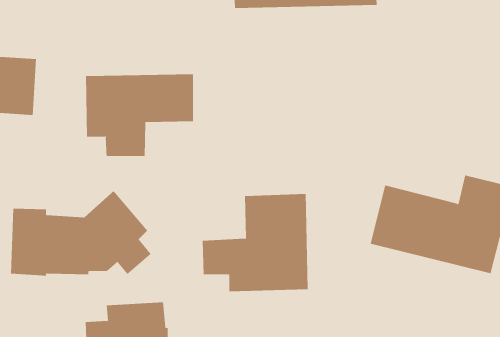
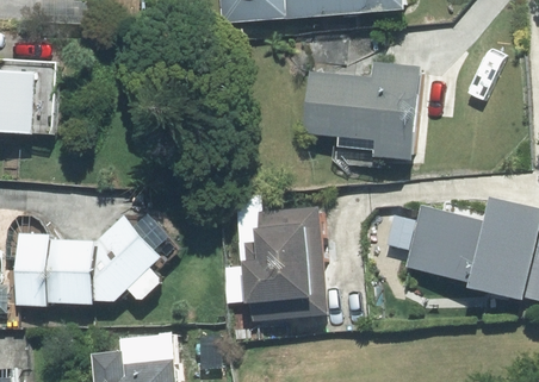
building: none -> [299,62,423,168]
building: [85,74,194,157] -> none

